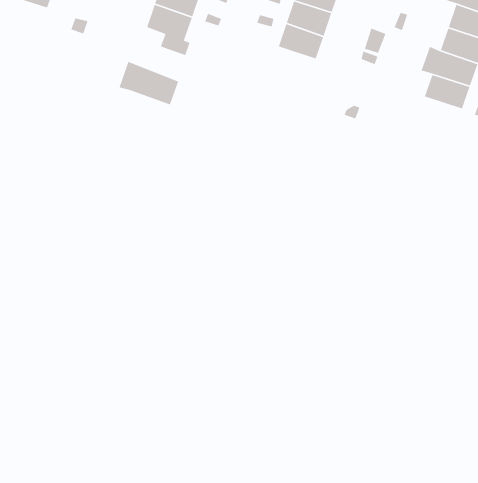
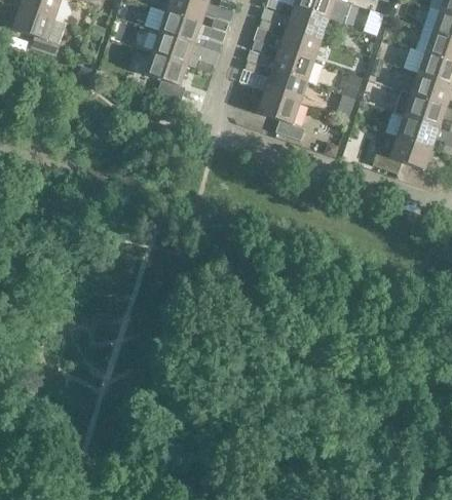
building: none -> [258,88,306,138]
building: [119,61,179,106] -> none
building: none -> [374,133,432,170]

